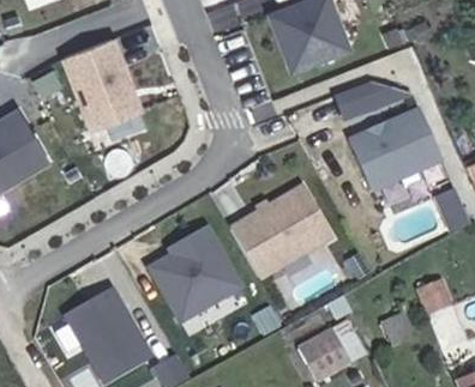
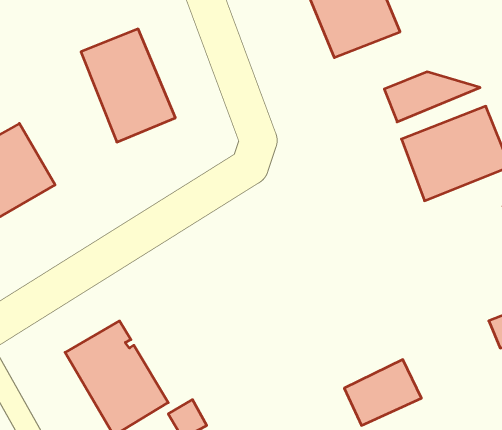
building: [226,180,330,274] -> none
building: [148,225,240,320] -> none

